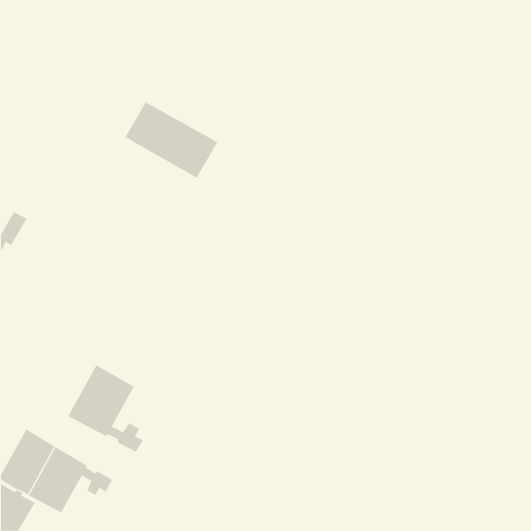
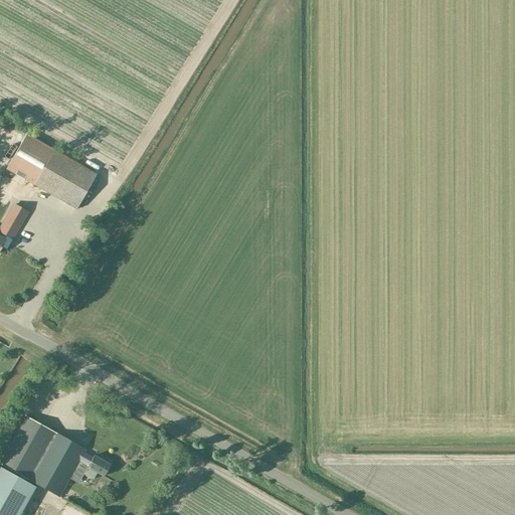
building: [124,102,218,179] -> [6,134,97,208]
building: [68,365,144,453] -> none

